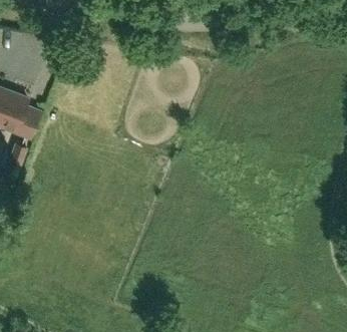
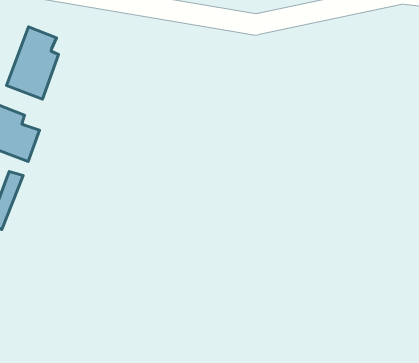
building: none -> [7,27,59,99]

